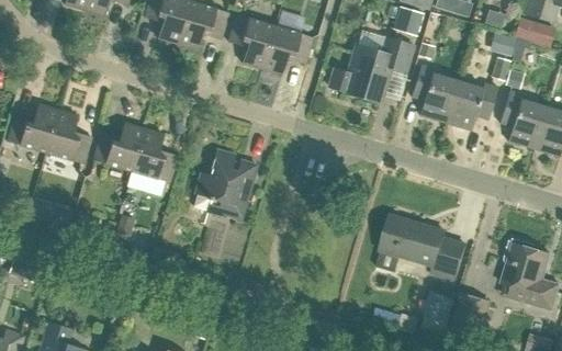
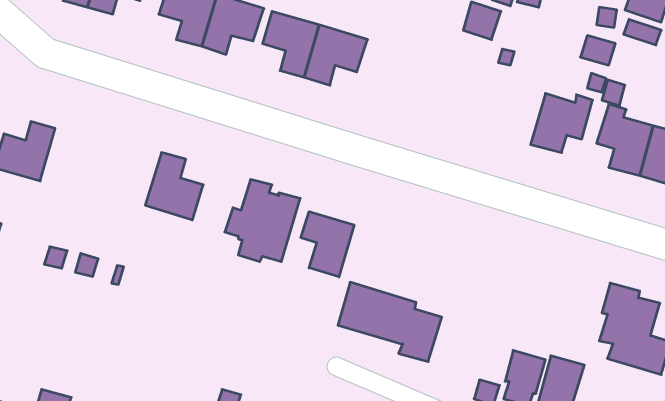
building: [329,37,413,102] -> none
building: [411,64,458,122] -> none
building: [46,109,92,163] -> none
building: [93,122,145,171] -> none
building: none -> [301,212,354,277]
building: [382,215,467,280] -> [338,282,442,362]

